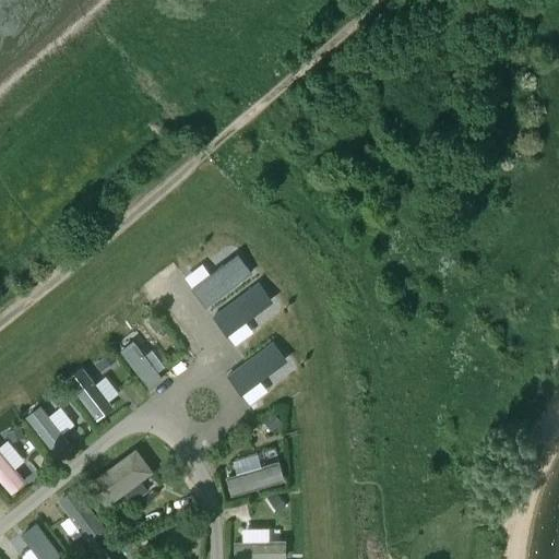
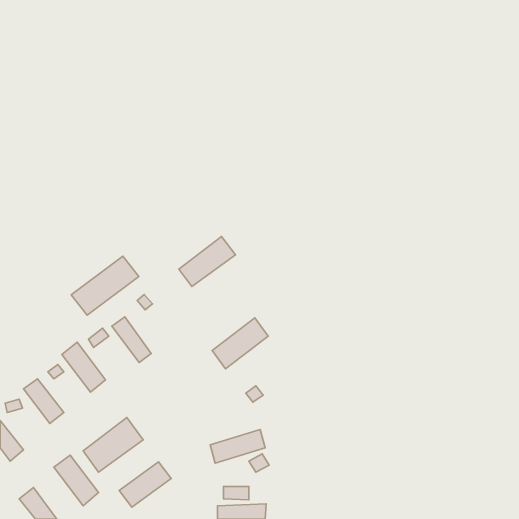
building: none -> [71,256,139,315]
building: [213,283,274,337] -> none
building: none -> [119,462,171,507]

